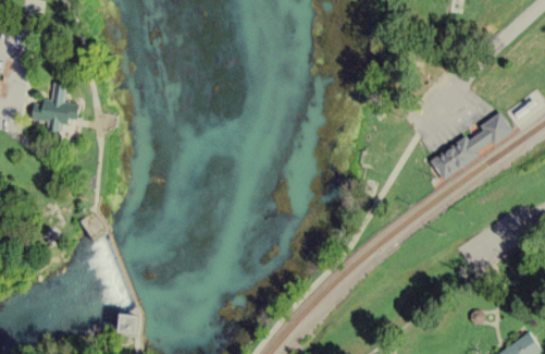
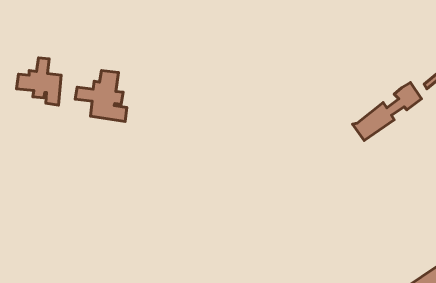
building: none -> [75,70,127,122]

